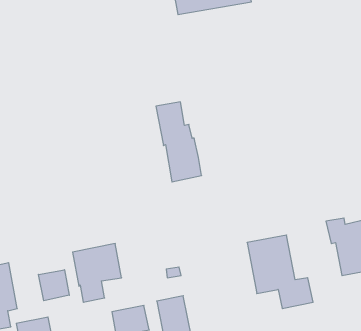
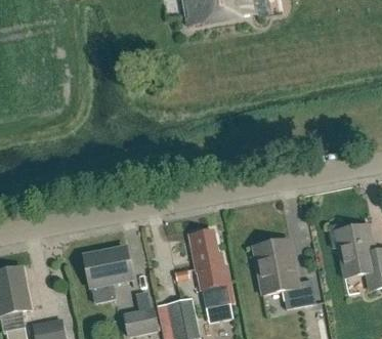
building: [156,102,202,182] -> [188,229,232,306]
building: [38,270,69,301] -> none

